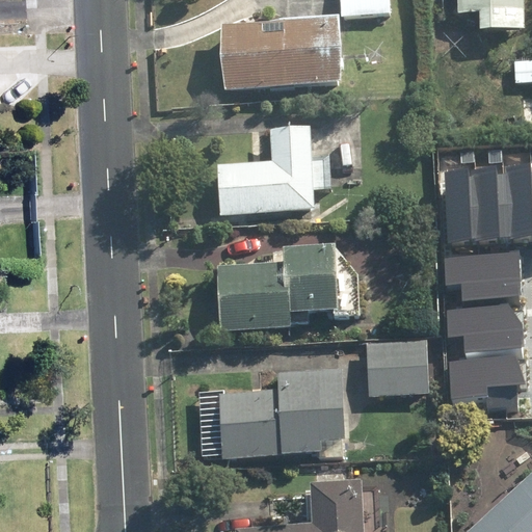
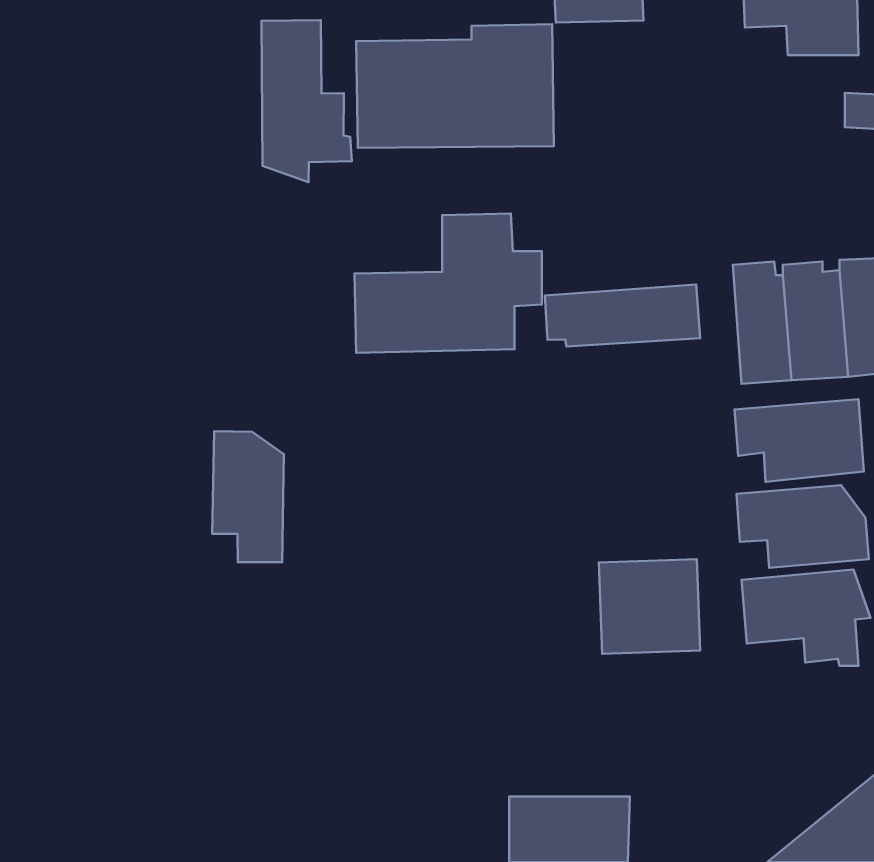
building: none -> [262,20,352,182]
building: none -> [545,285,700,347]
building: [217,245,358,331] -> none
building: none -> [212,431,284,562]
building: [219,373,340,459] -> none

